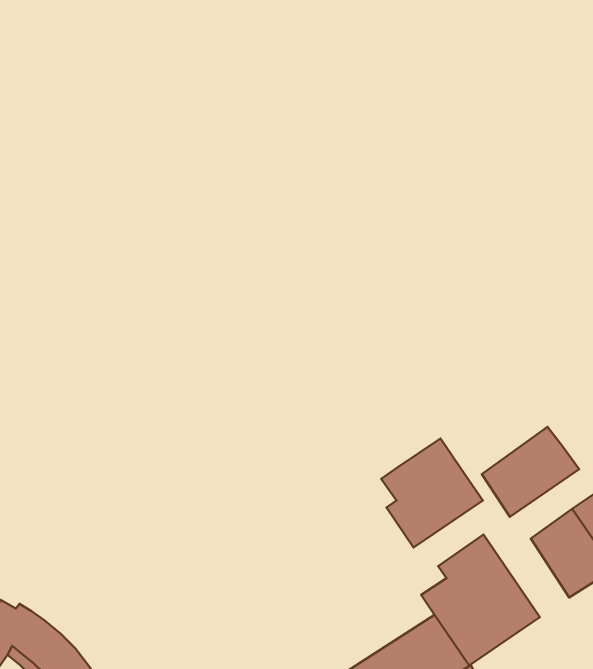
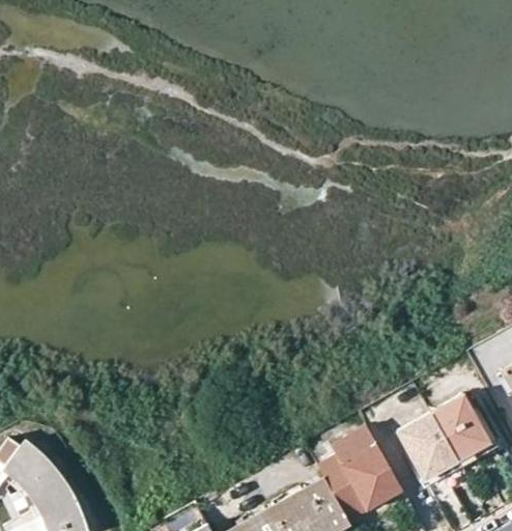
building: [482,427,579,517] -> none
building: [381,438,483,548] -> none

